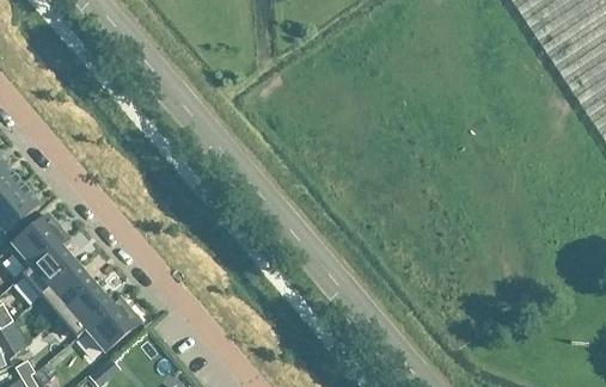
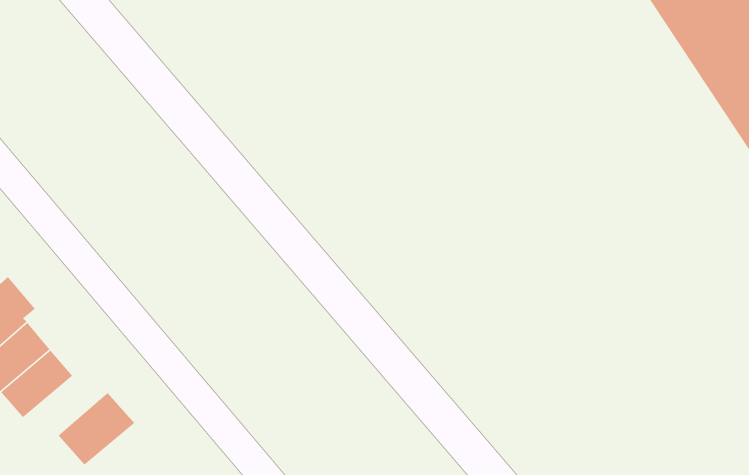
building: [59,284,121,336] -> none

